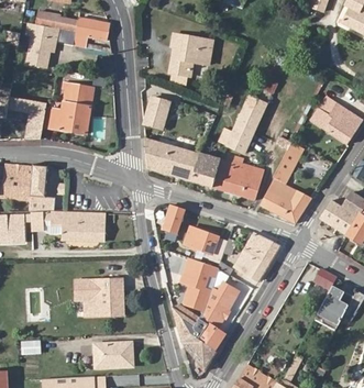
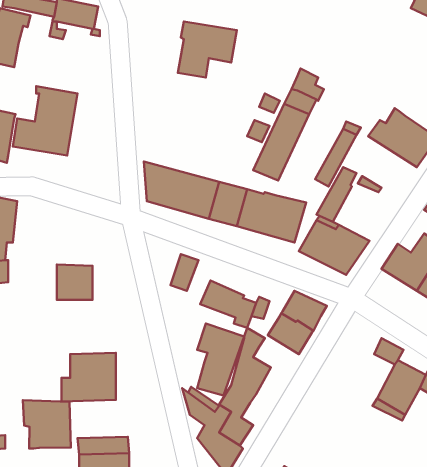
building: [142,96,169,129] -> none
building: [49,213,78,241] -> none
building: none -> [23,400,71,449]

